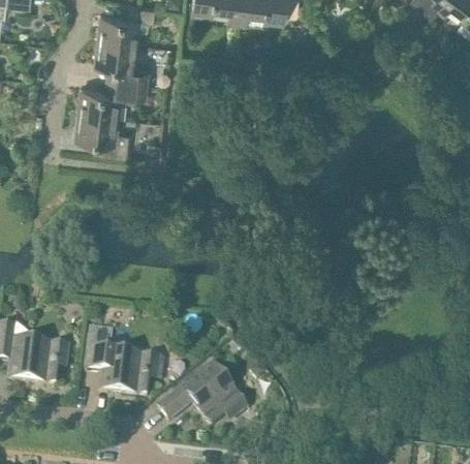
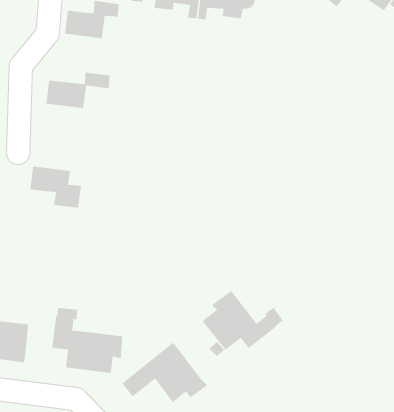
building: [95,39,149,83] -> none
building: [75,113,130,157] -> [30,166,82,208]
building: none -> [202,290,283,351]

